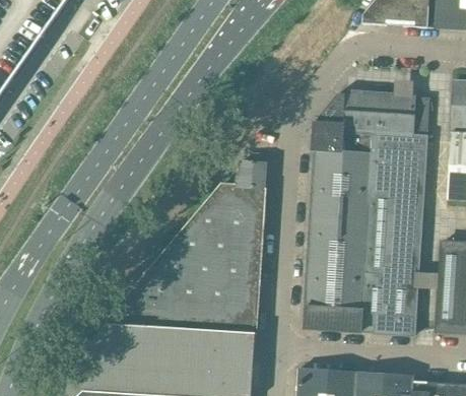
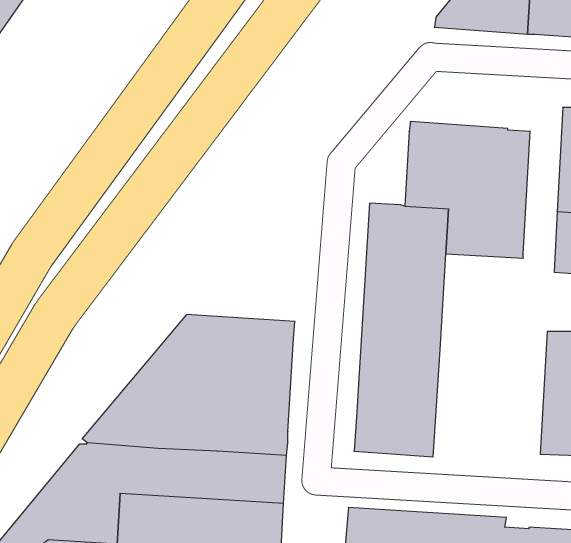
building: [312,98,343,152] -> none
building: [183,153,266,236] -> none
building: [360,187,425,336] -> none

